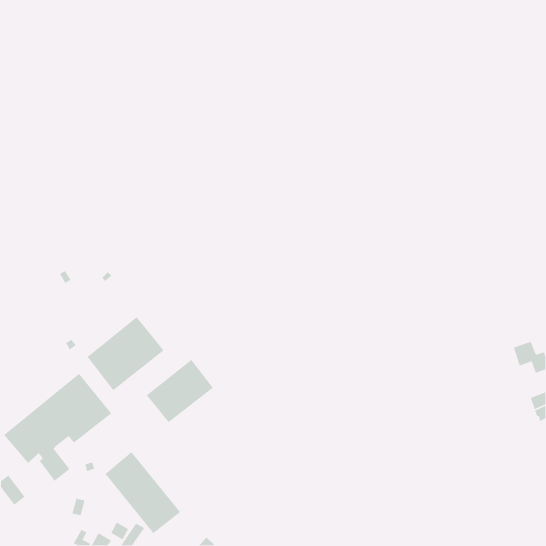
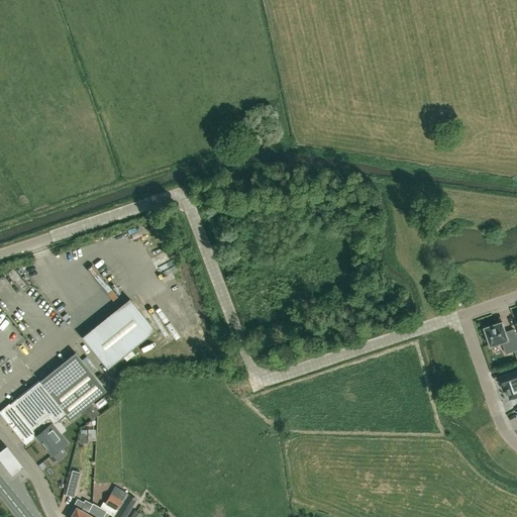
building: [146,359,214,423] -> none
building: [104,451,181,534] -> none

